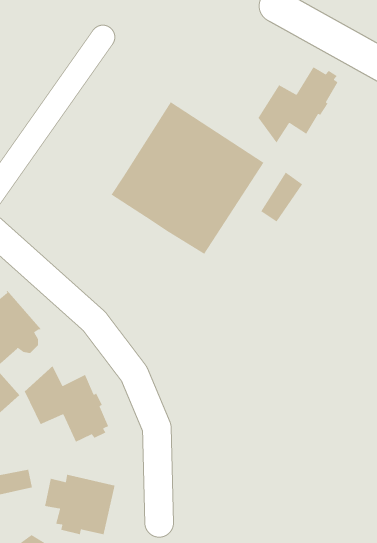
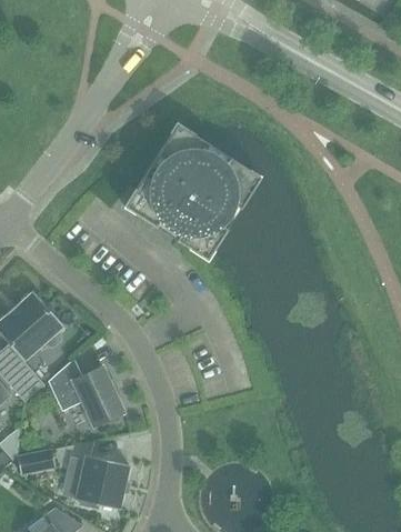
building: [258,66,339,144] -> none
building: [260,171,303,222] -> none

